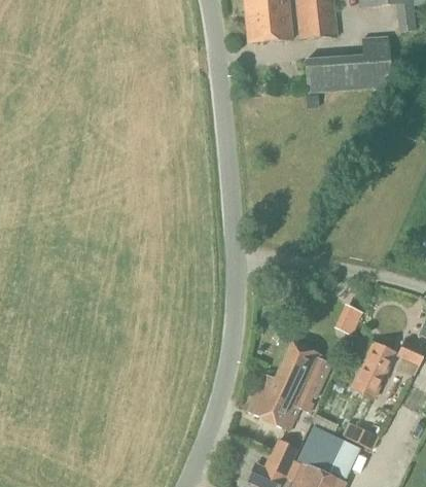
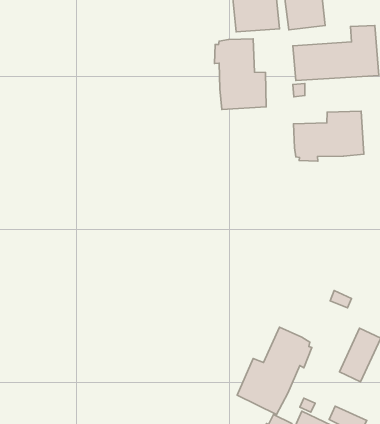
building: none -> [215,39,266,110]
building: none -> [294,111,364,161]

